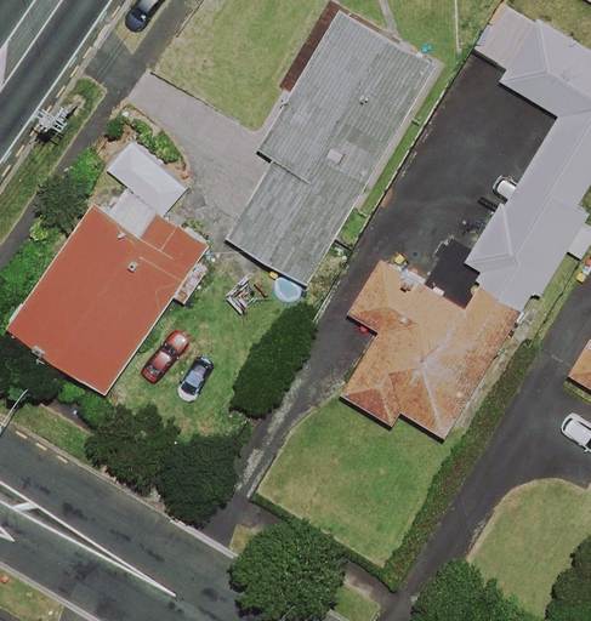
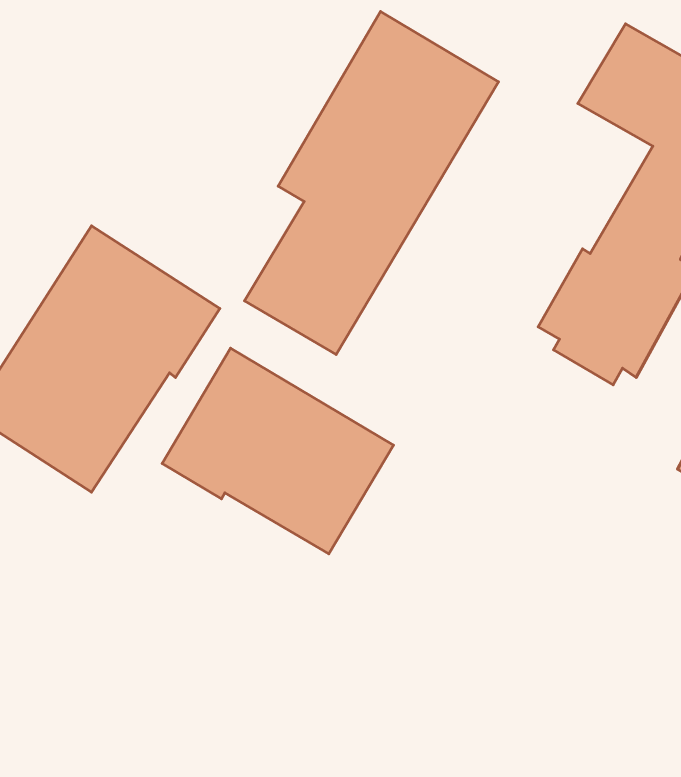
building: [342,256,523,441] -> none
building: none -> [162,348,393,554]

